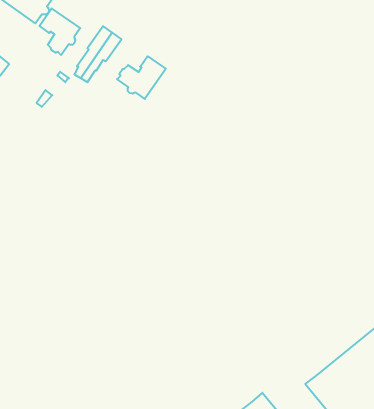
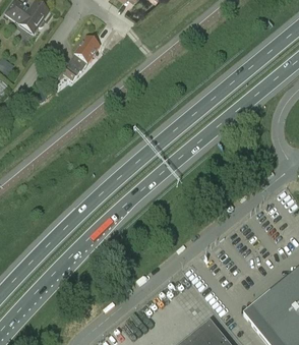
building: [39,8,80,55] -> none
building: [117,56,166,99] -> none

